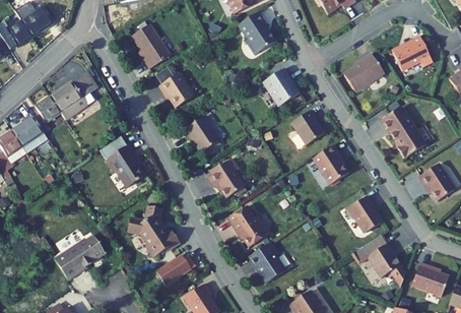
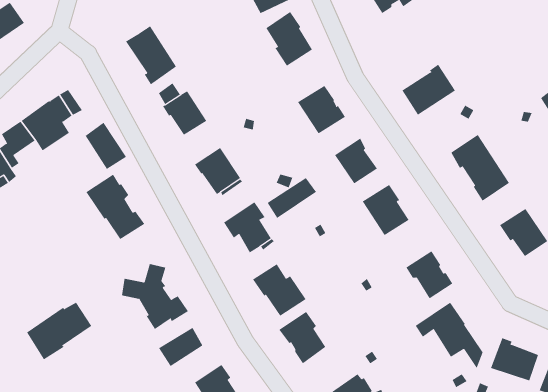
building: [391,37,433,71] -> none
building: none -> [85,122,127,170]
building: none -> [267,177,317,219]

